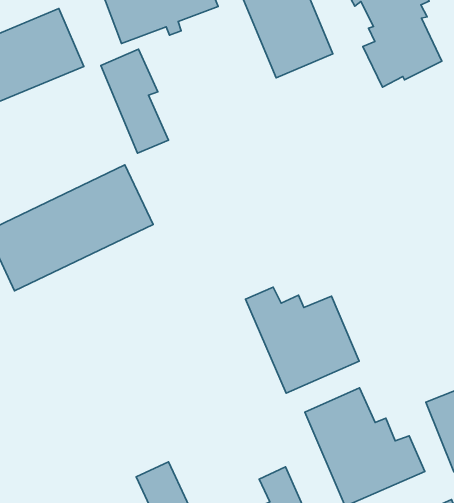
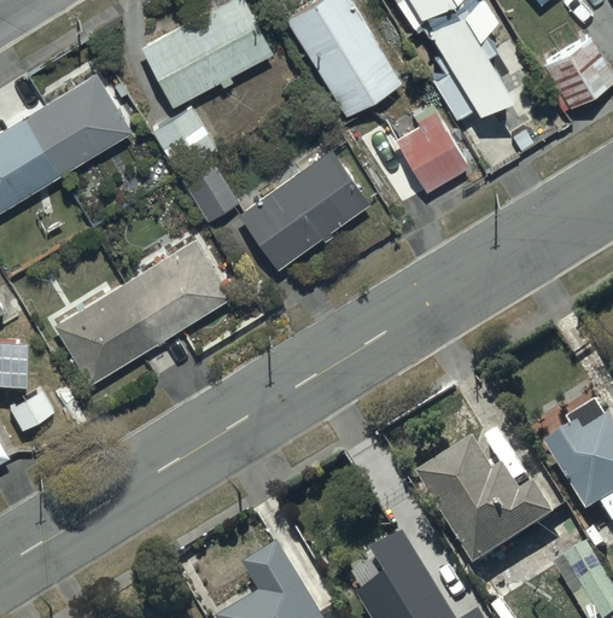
building: none -> [396,111,469,192]
building: none -> [239,148,368,266]
building: [245,287,359,393] -> none

